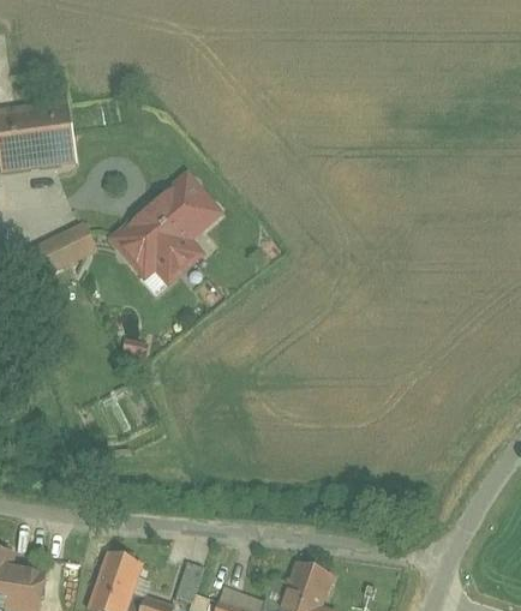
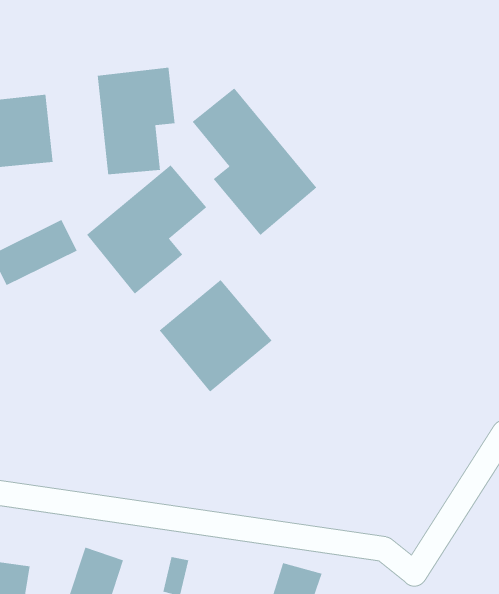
building: none -> [97,67,175,175]
building: none -> [192,88,317,236]
building: none -> [159,279,273,393]

